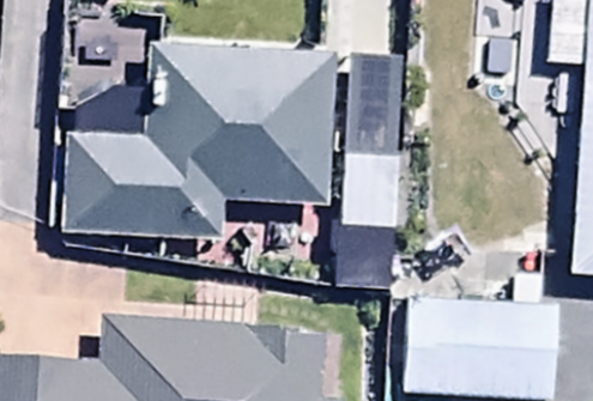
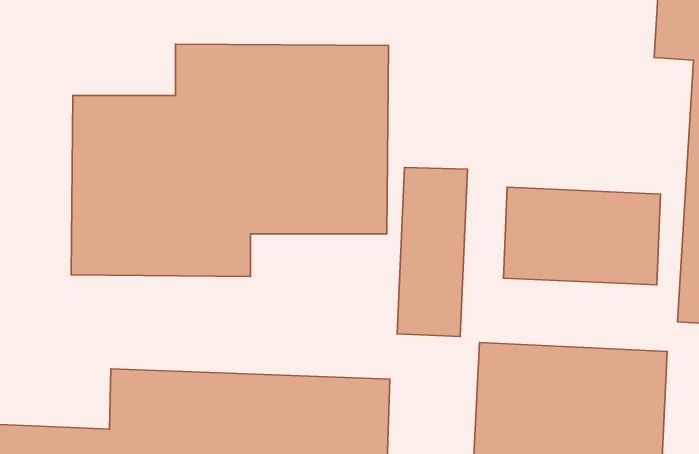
building: none -> [503,187,661,285]

